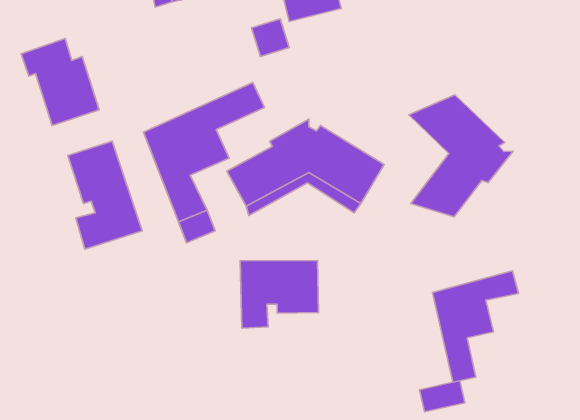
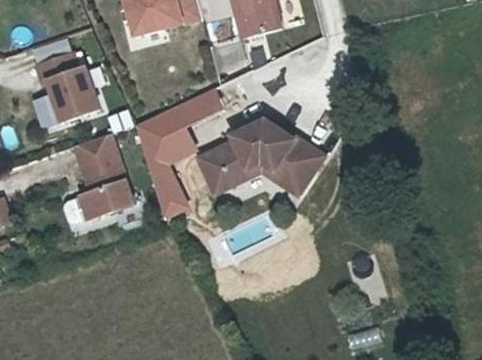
building: [409,95,513,217] -> none
building: [240,260,319,328] -> none
building: [433,271,519,382] -> none

